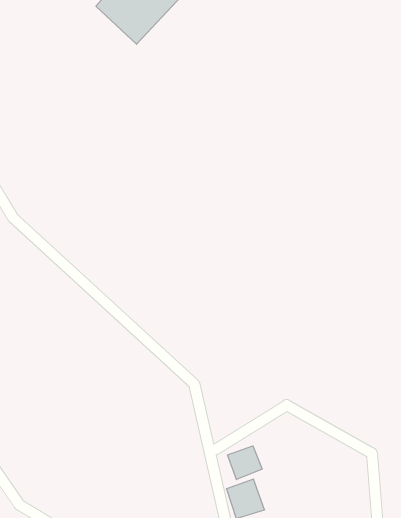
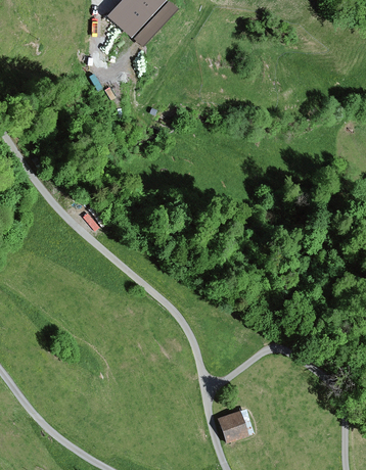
building: [228,446,262,480] -> none

